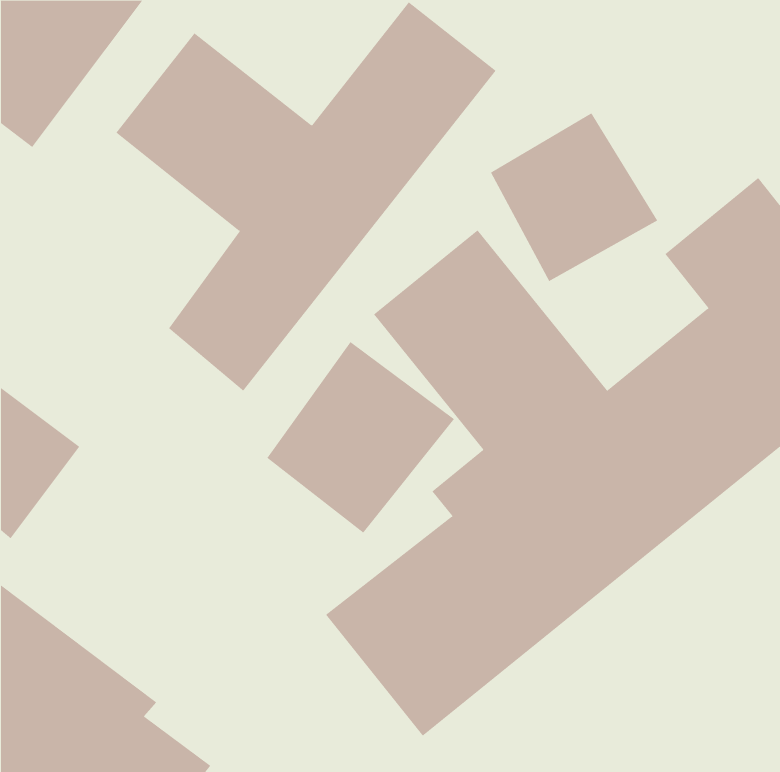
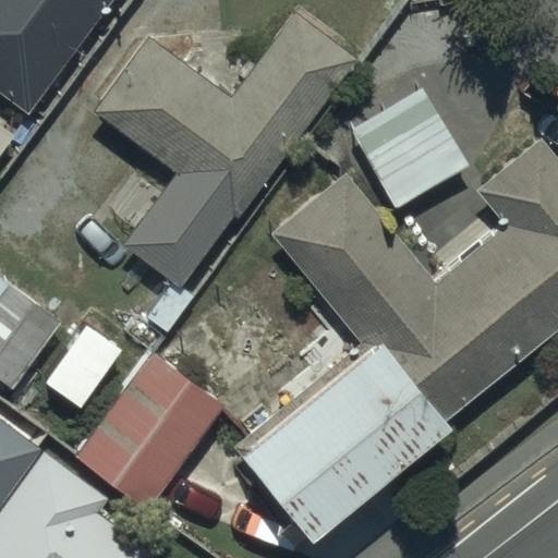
building: [267,341,455,533] -> none
building: none -> [76,355,225,513]

